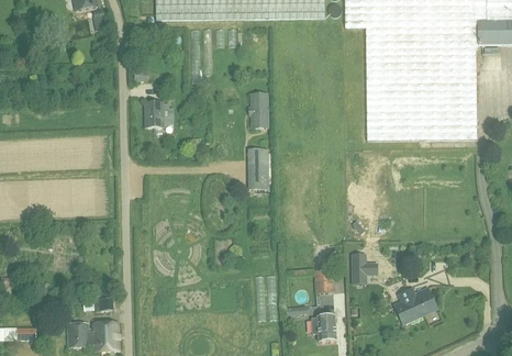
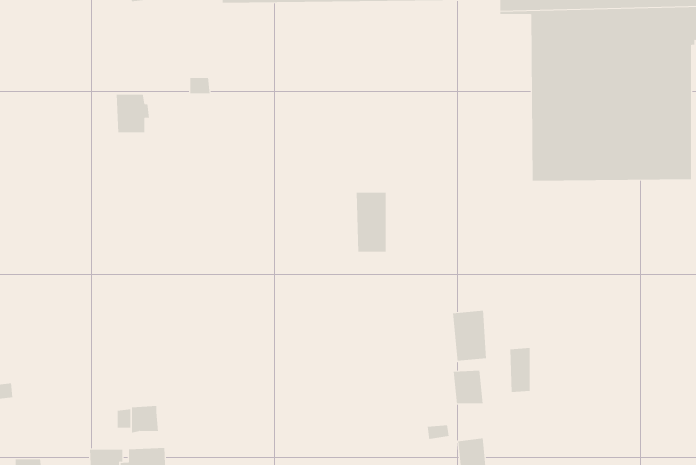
building: [247,92,269,127] -> none
building: [144,101,167,127] -> [116,94,150,133]
building: none -> [453,310,486,362]
building: [394,287,437,324] -> none

